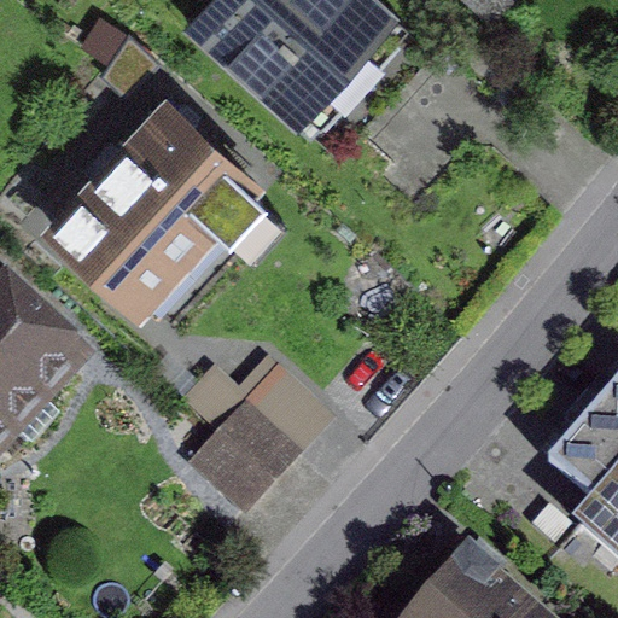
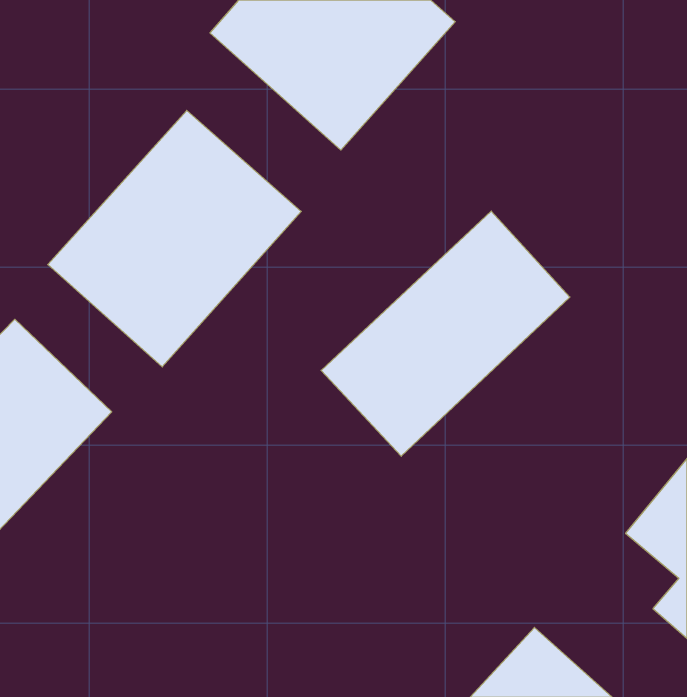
building: none -> [321,211,570,456]
building: [181,351,333,508] -> none

